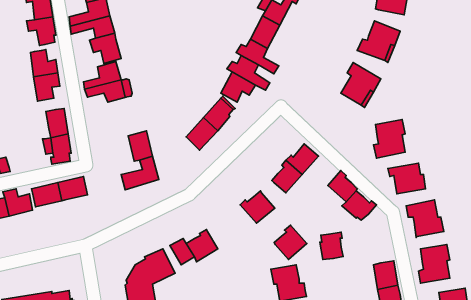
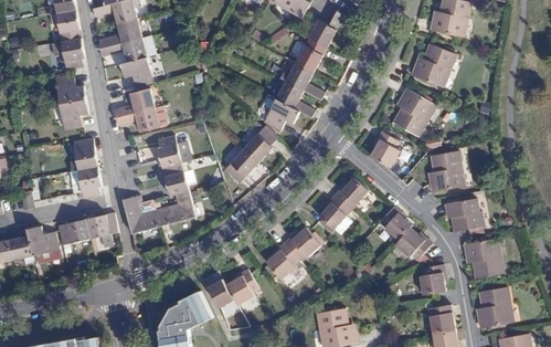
building: none -> [369,132,401,167]
building: none -> [156,135,189,168]
building: none -> [121,196,158,233]
building: [274,225,307,260] -> [265,243,300,281]
building: [320,232,343,259] -> [418,264,444,294]

